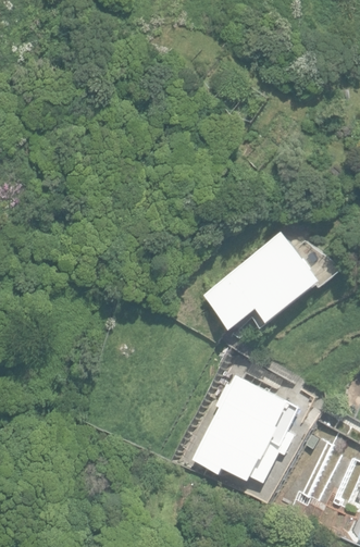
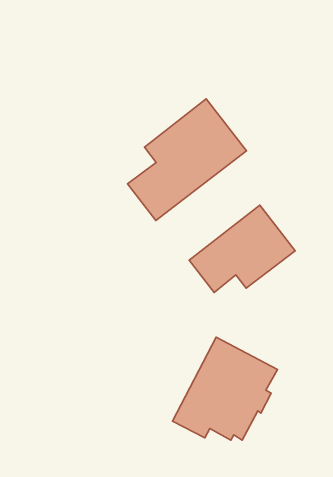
building: none -> [127,99,246,220]

